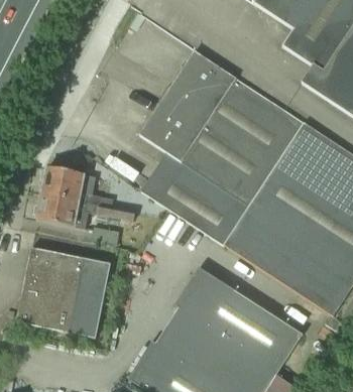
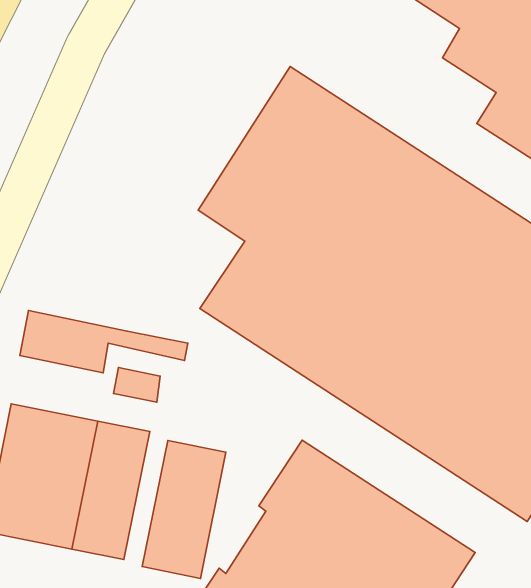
building: [41,166,134,212] -> none
building: none -> [142,440,226,579]

